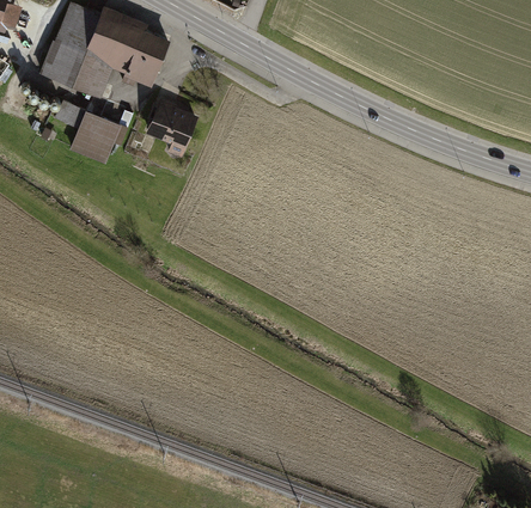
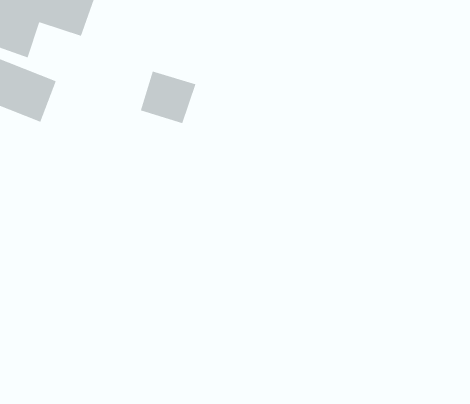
building: [142,99,199,153] -> [140,70,196,124]

